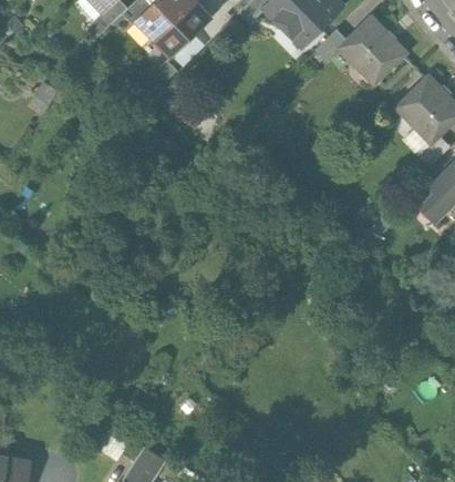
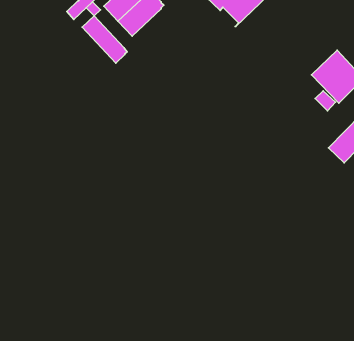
building: [339,17,405,84] -> none
building: none -> [82,16,127,63]

